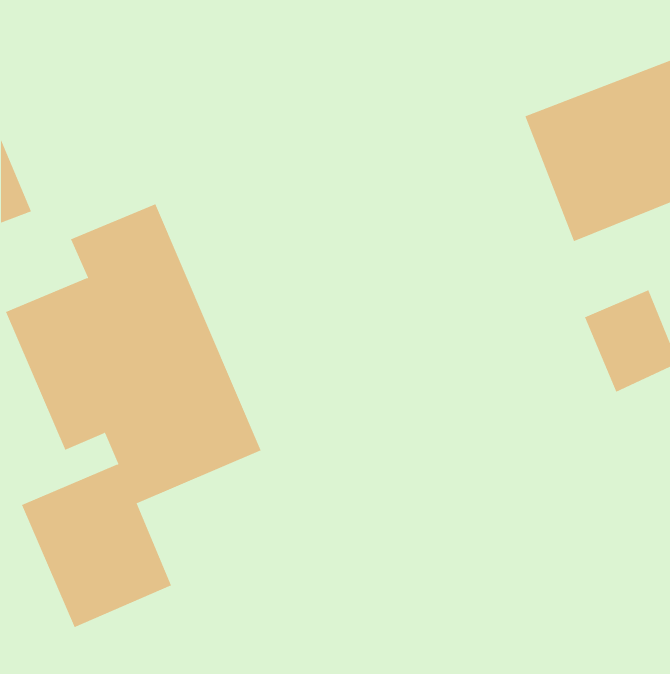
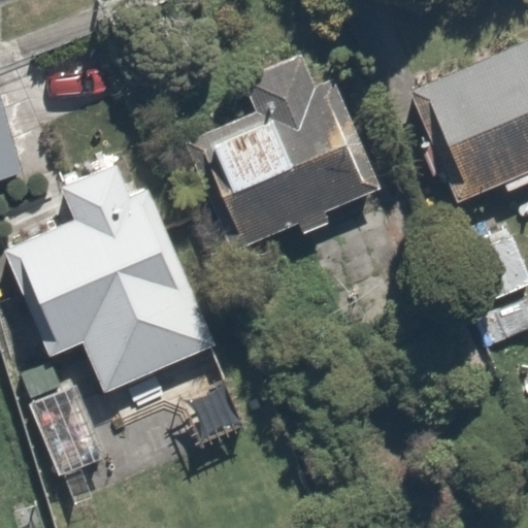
building: none -> [205,53,378,251]

